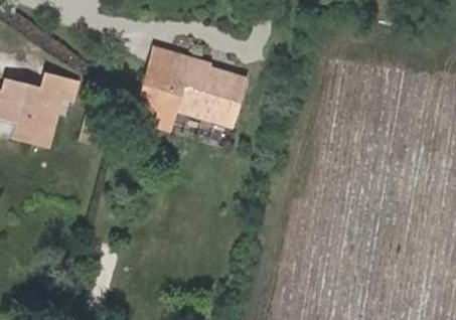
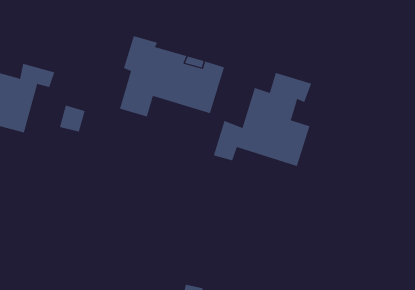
building: none -> [213,72,312,167]

